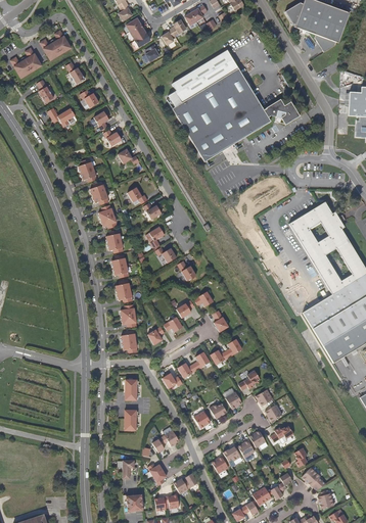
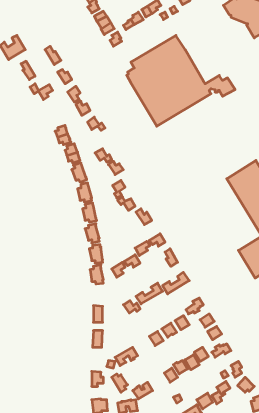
building: [40,30,72,60] -> none

